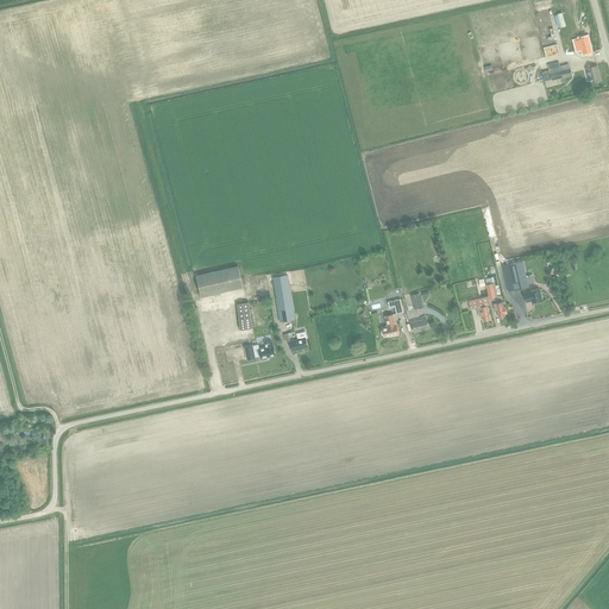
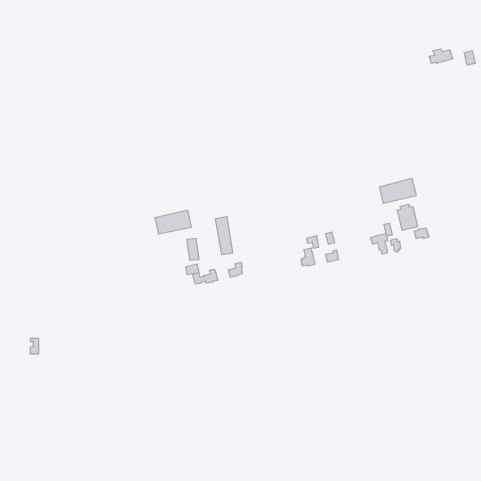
building: none -> [380,178,416,204]

